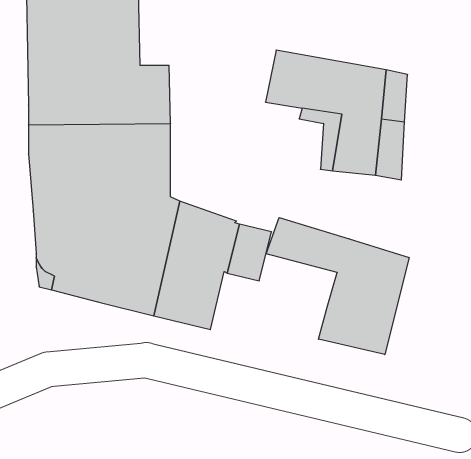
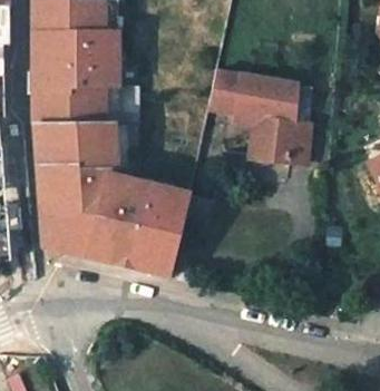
building: [266,218,409,355] -> none

